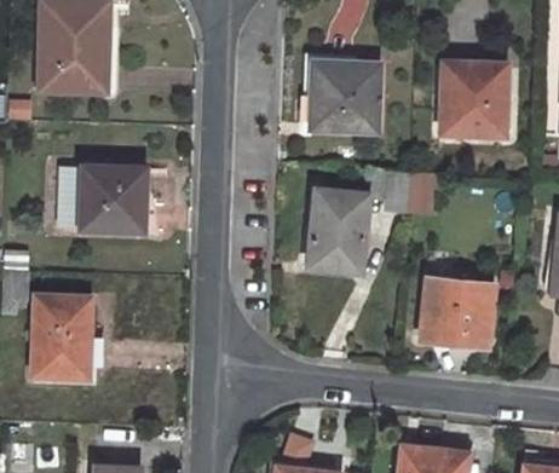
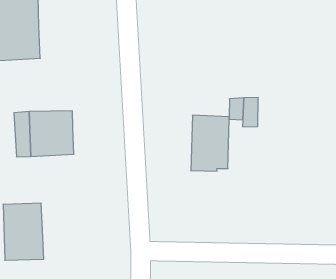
building: [311,62,380,132] -> none
building: [438,67,506,134] -> none
building: [421,278,495,347] -> none

